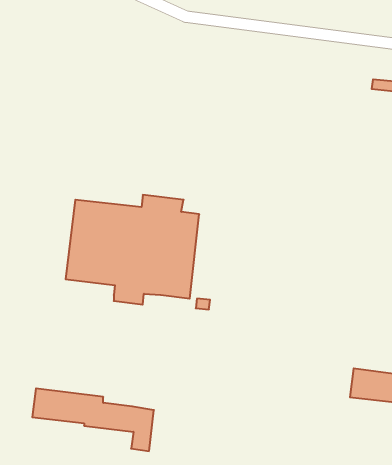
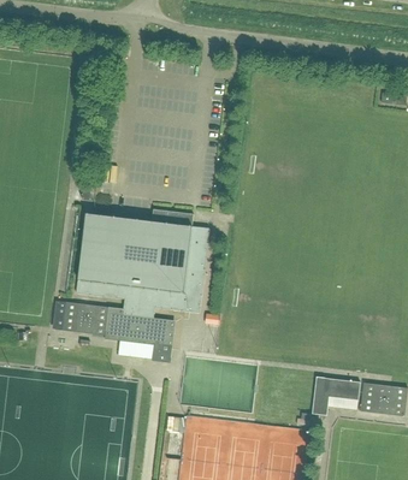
building: none -> [311,375,359,415]
building: [32,388,154,451] -> [52,300,173,362]

